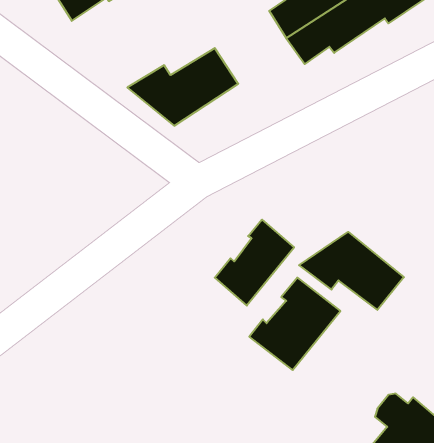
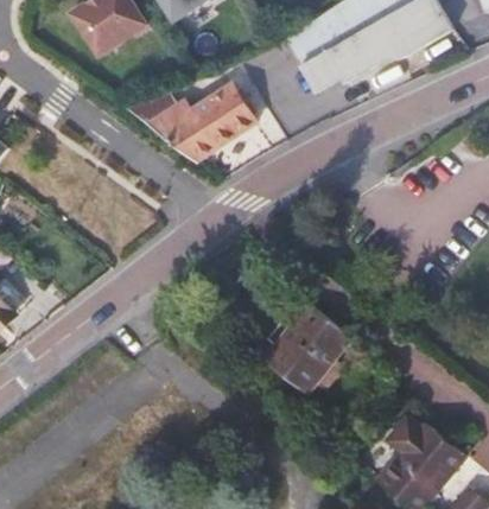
building: [215,220,294,306] -> none
building: [299,232,404,310] -> none

